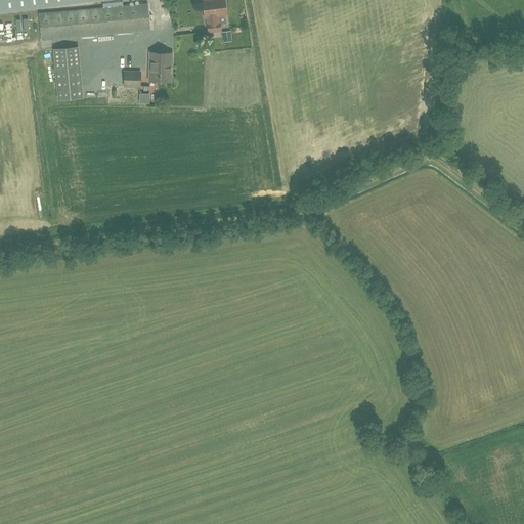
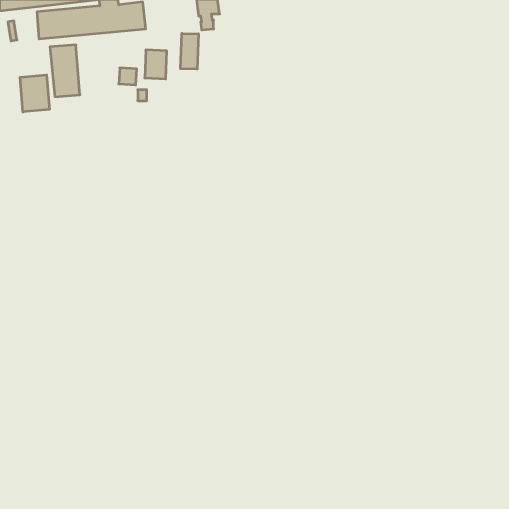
building: none -> [181,33,198,69]
building: none -> [20,75,49,112]

